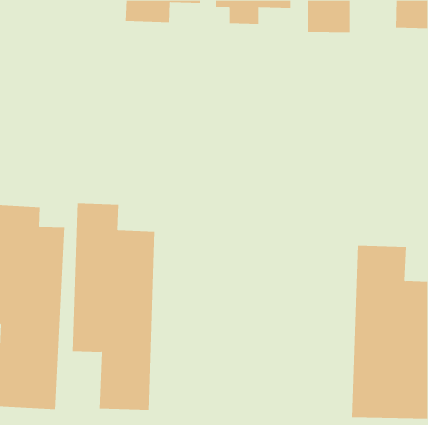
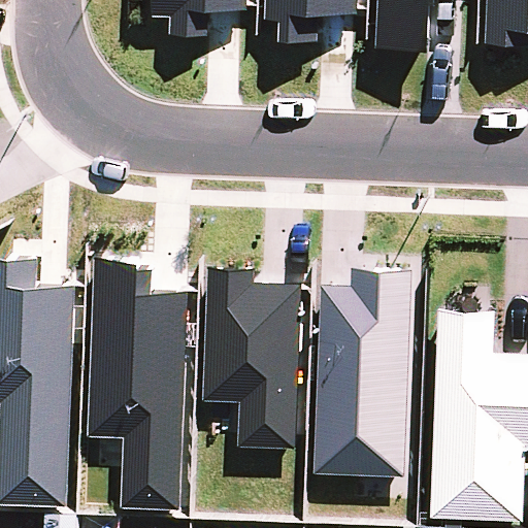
building: none -> [312,265,415,478]
building: none -> [202,267,304,449]

